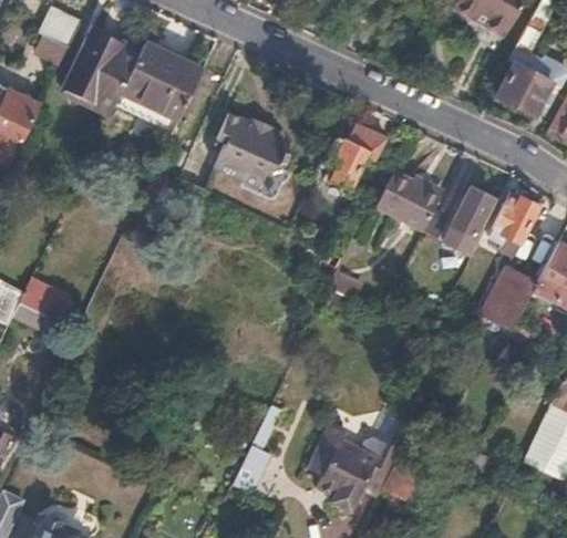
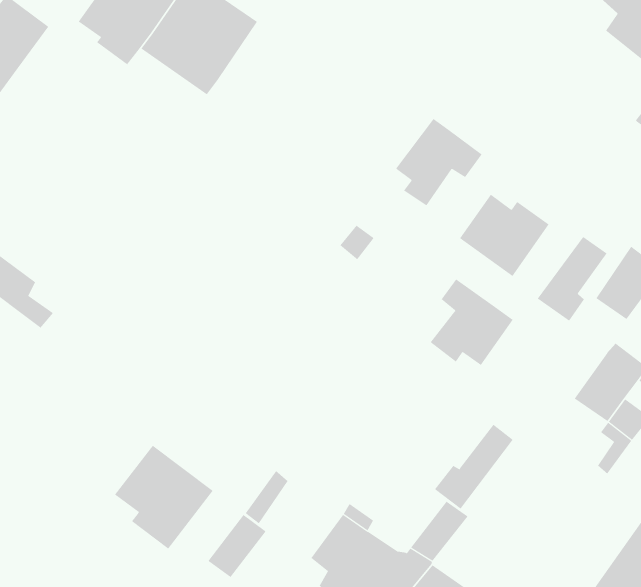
building: [214,113,285,188] -> none
building: none -> [430,278,513,366]
building: none -> [434,424,513,510]
building: none -> [114,445,214,550]

